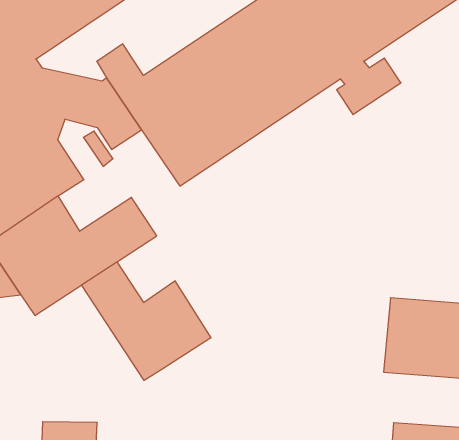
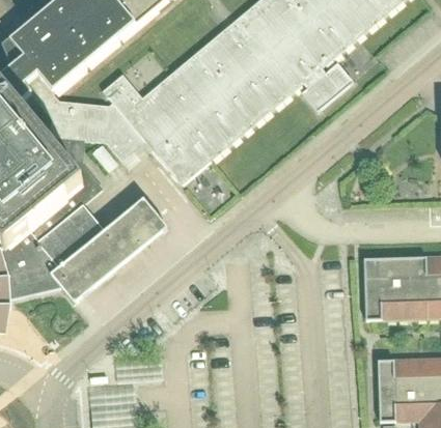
building: [82,262,211,380] -> none

